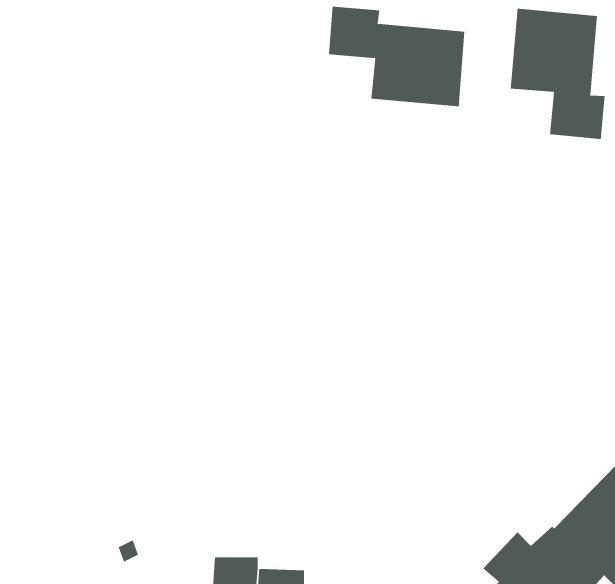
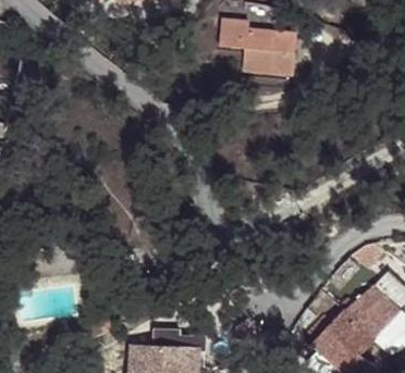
building: [510,8,605,140] -> none

